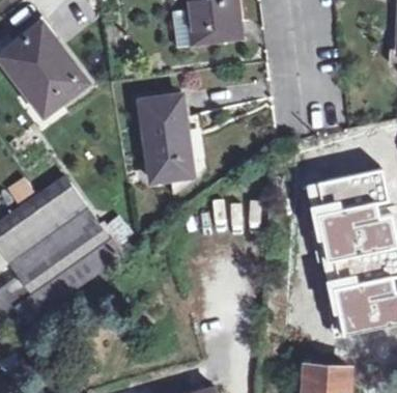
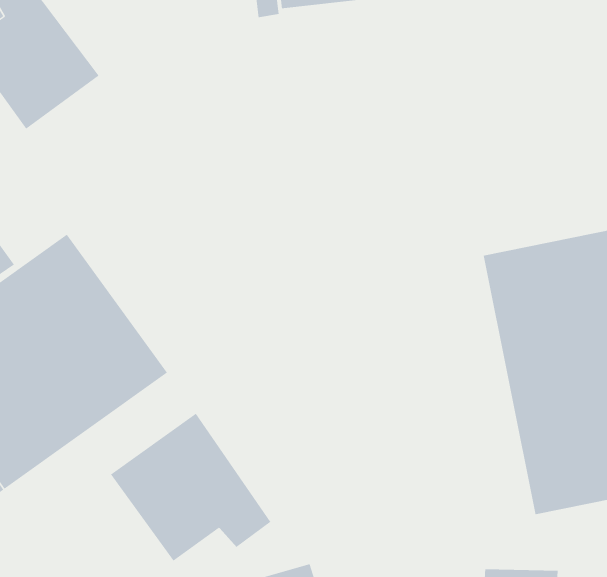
building: [141,96,190,180] -> none
building: none -> [110,413,271,562]

